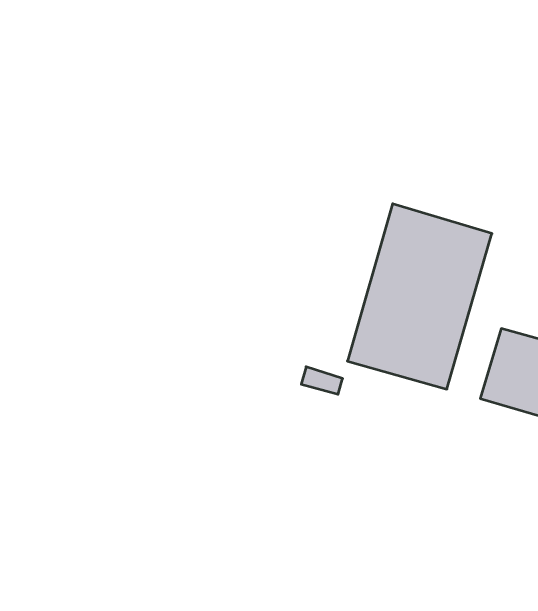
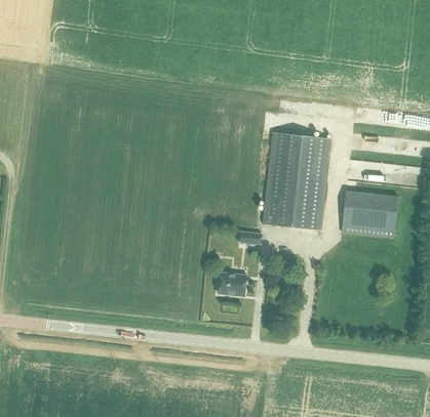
building: none -> [217,272,247,295]

